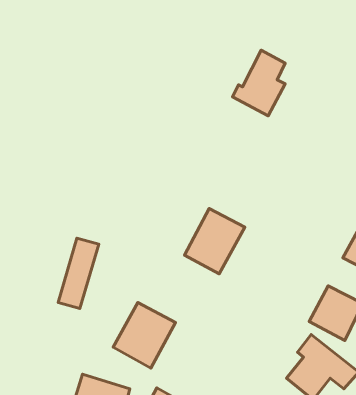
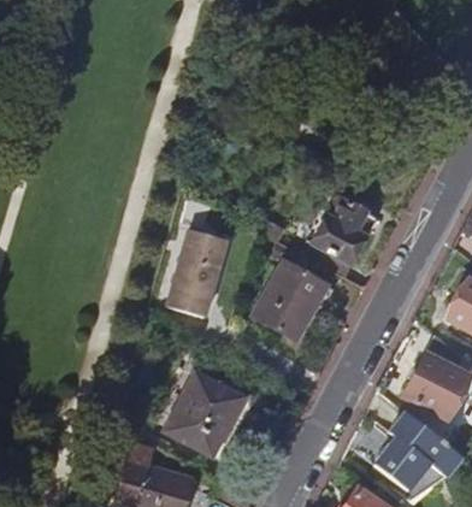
building: [233,50,285,116] -> [302,195,366,275]
building: [58,238,99,309] -> [166,226,216,312]

